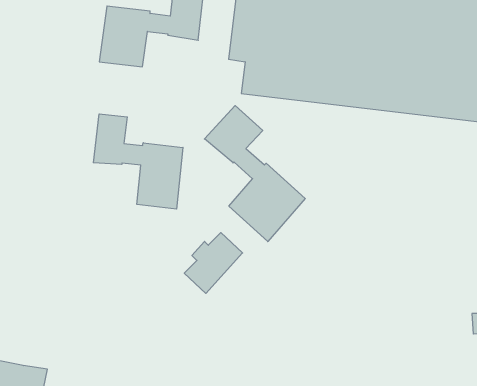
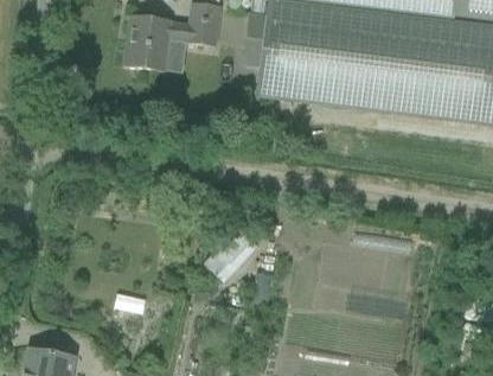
building: [204,106,305,242] -> none
building: [93,114,183,209] -> none

